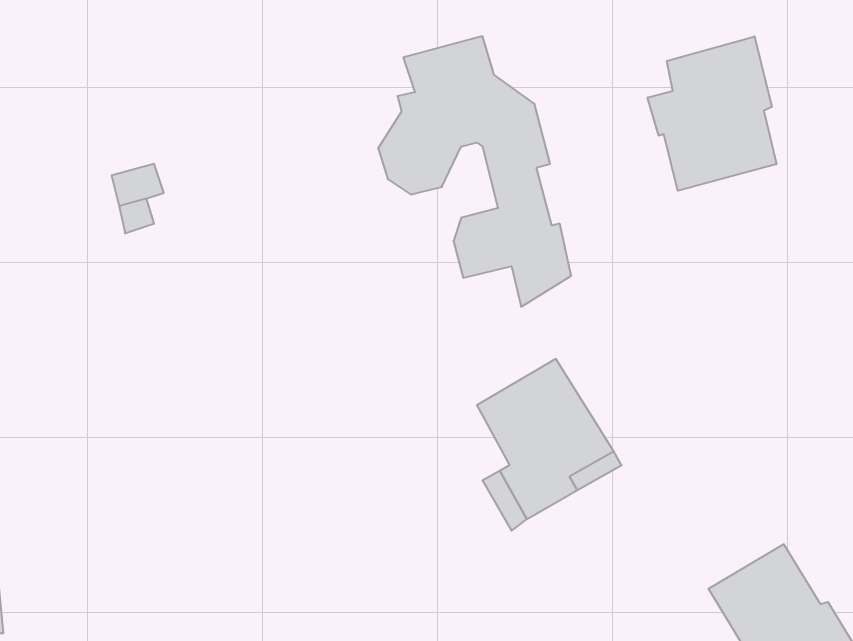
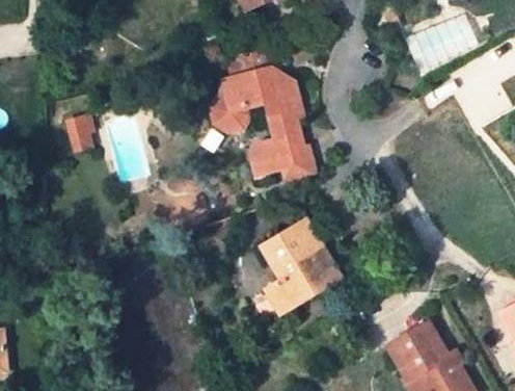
building: [648,36,777,191] -> none

